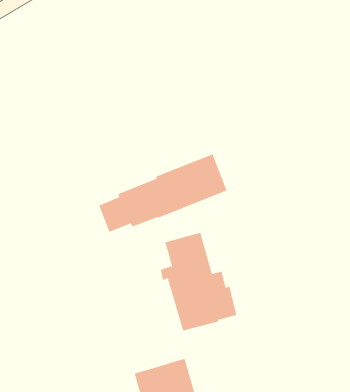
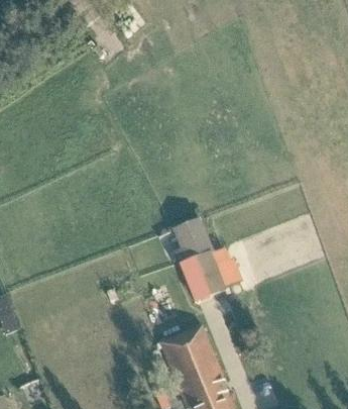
building: [98,153,227,232] -> none

